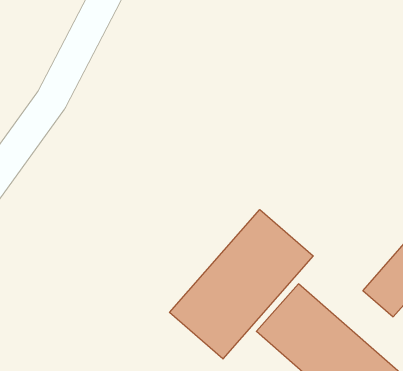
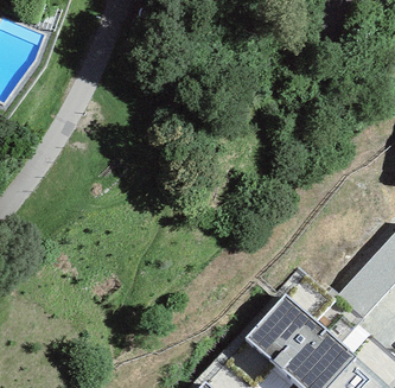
building: [170,210,313,359] -> none

